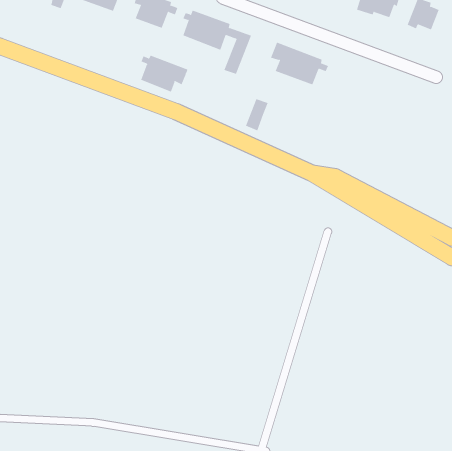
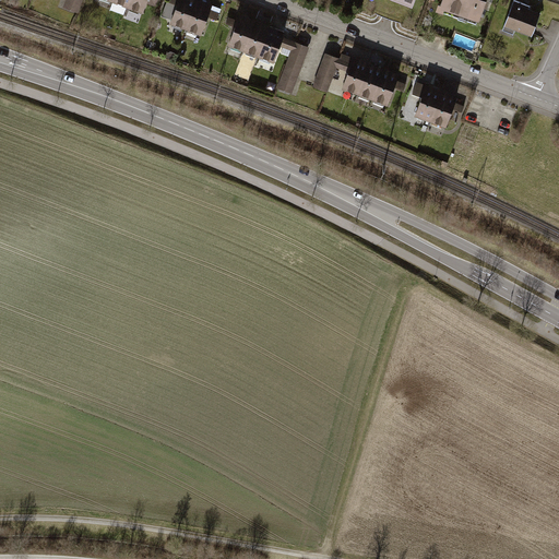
building: [140,55,188,93] -> none
building: none -> [408,80,463,128]
building: [245,98,268,131] -> [310,51,338,92]

